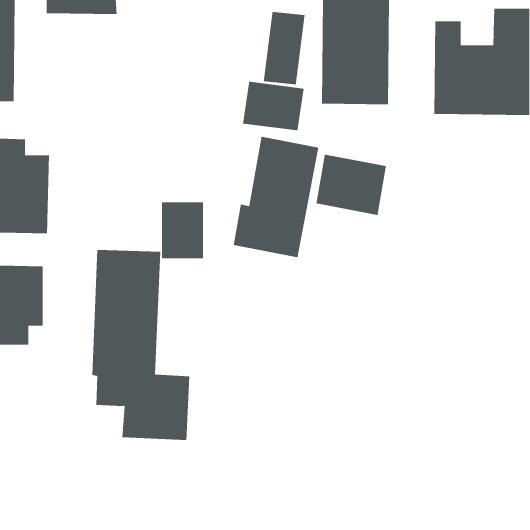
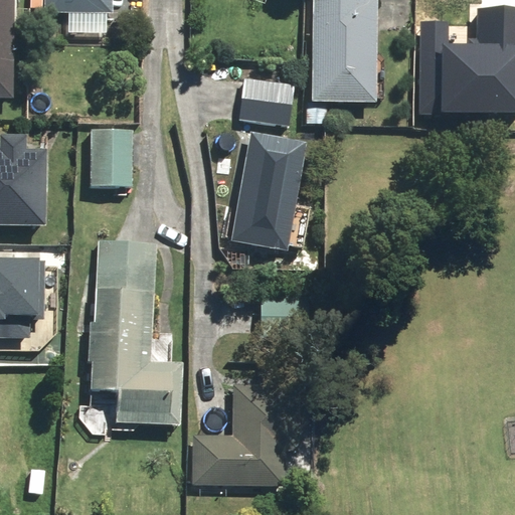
building: [263,11,305,85] -> none
building: [316,154,387,216] -> none
building: [161,202,204,259] -> [91,130,132,185]
building: none -> [192,386,288,486]

